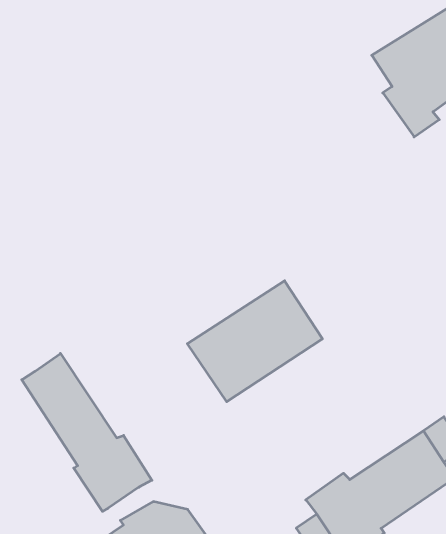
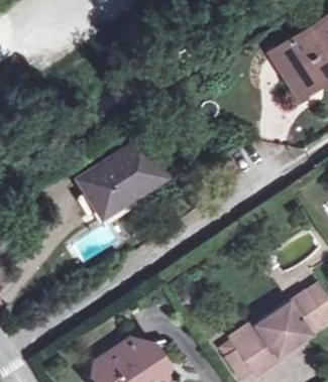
building: [187,281,322,402] -> [78,137,165,215]
building: [22,353,152,511] -> none

